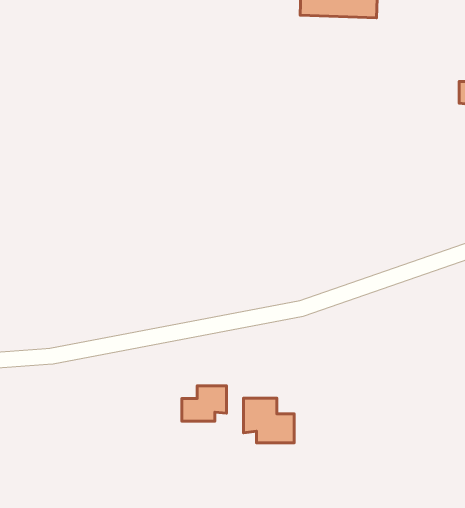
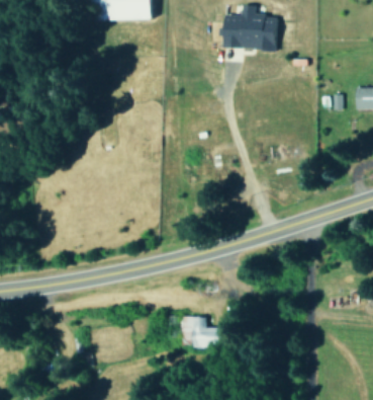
building: [182,386,226,421] -> none

